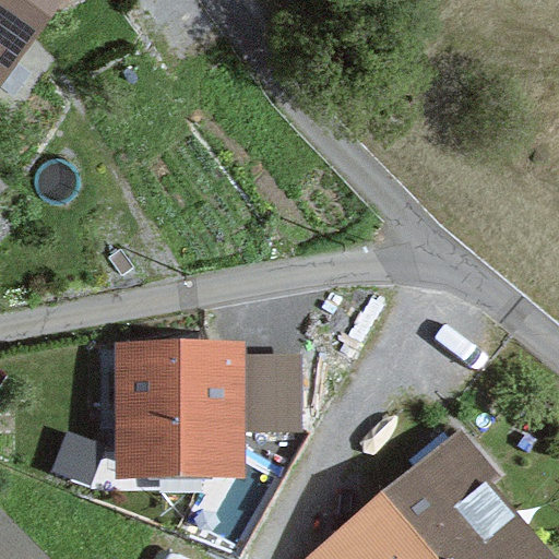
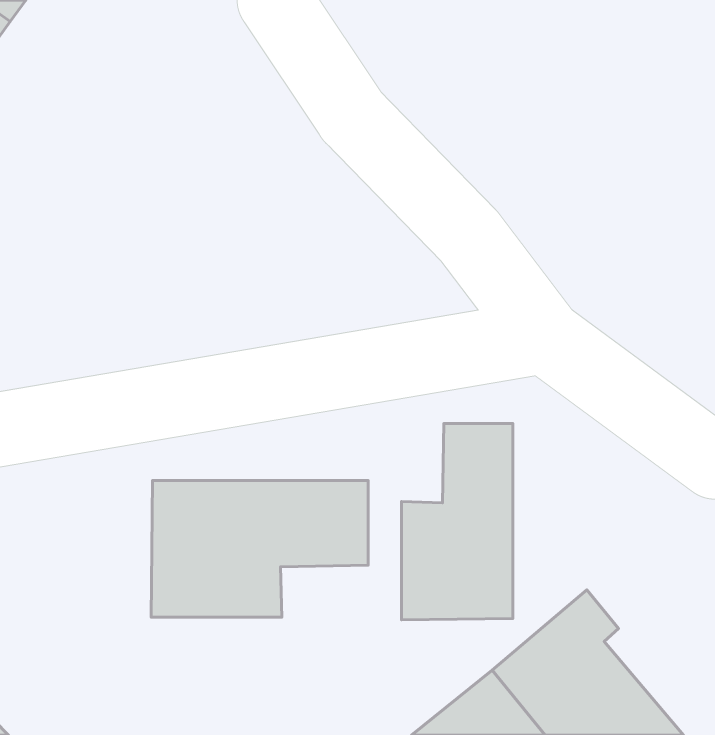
building: none -> [402,423,513,620]

